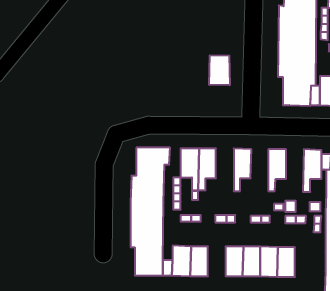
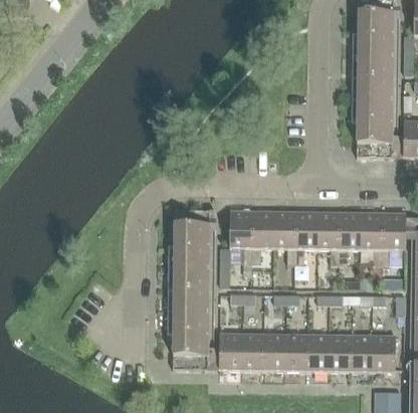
building: [209,55,230,85] -> none
building: none -> [274,211,296,264]
building: none -> [318,212,340,264]
building: none -> [362,212,384,265]
building: none -> [264,334,286,371]
building: none -> [373,335,396,372]

